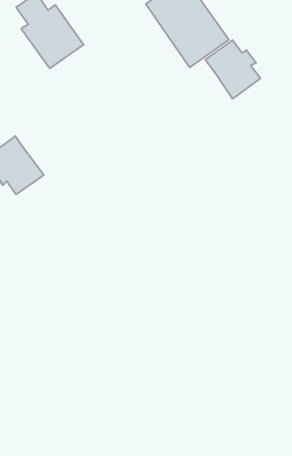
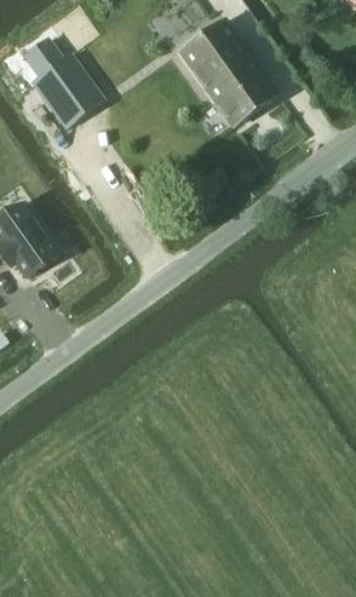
building: [205,40,260,99] -> none

